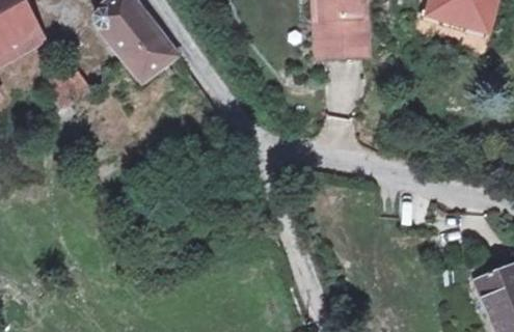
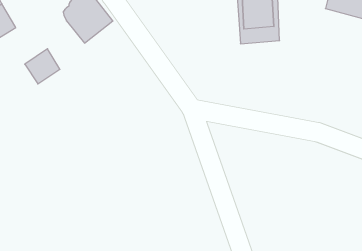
building: [121,30,178,83] -> none

